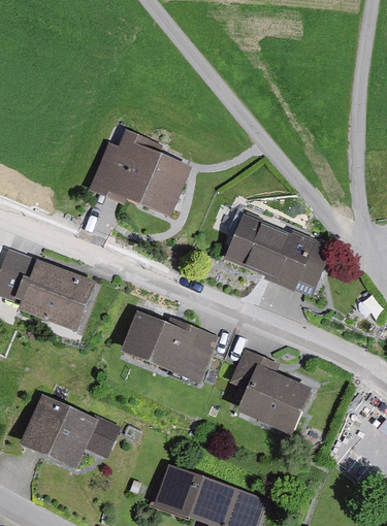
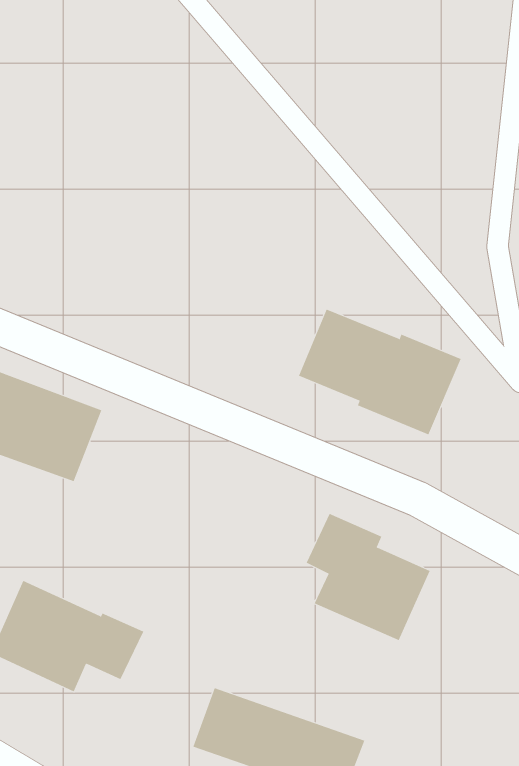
building: [88,136,192,228] -> none
building: [118,307,220,384] -> none

